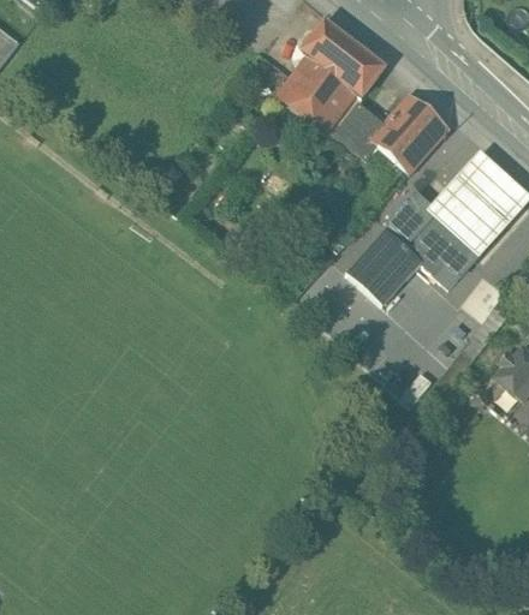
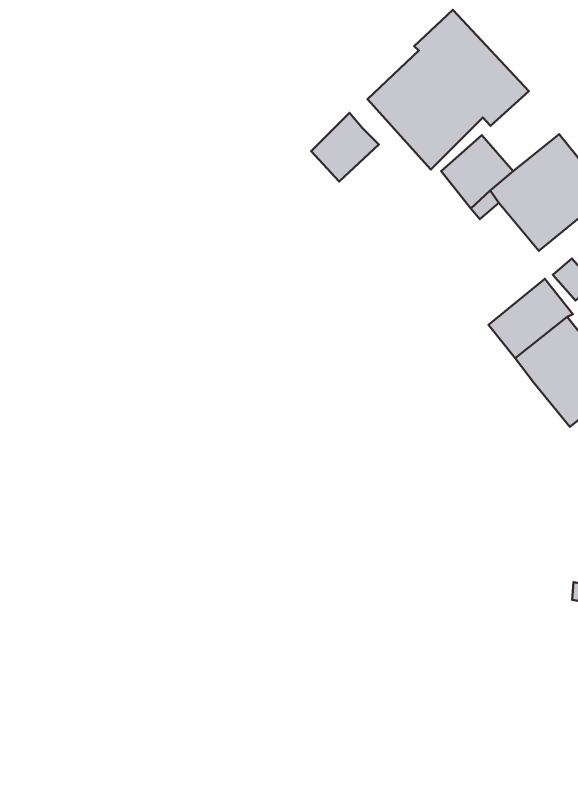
building: none -> [311,113,379,182]
building: [345,228,421,305] -> none

